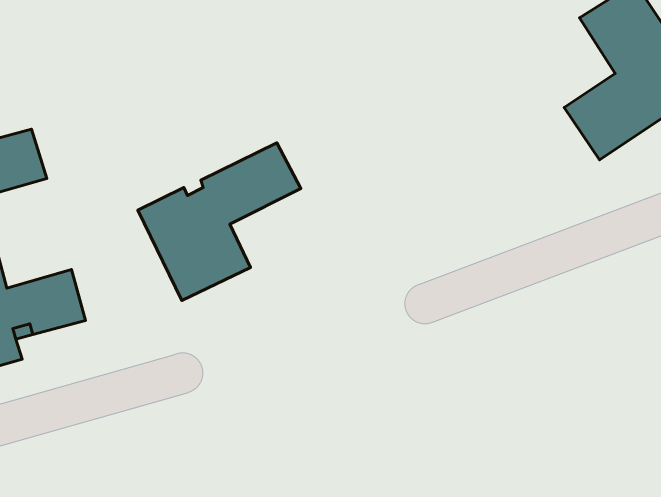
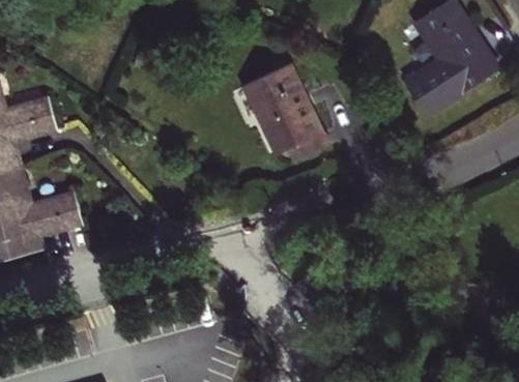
building: none -> [242,64,330,164]
building: [138,143,301,300] -> none

